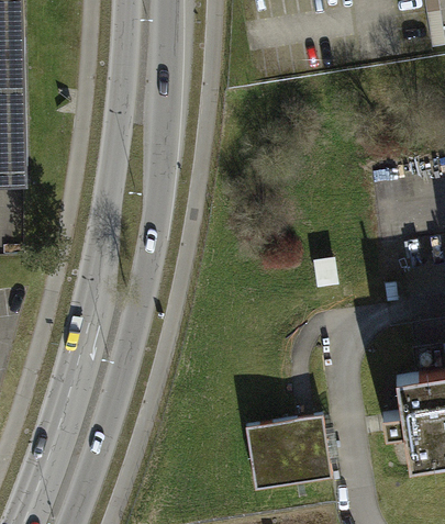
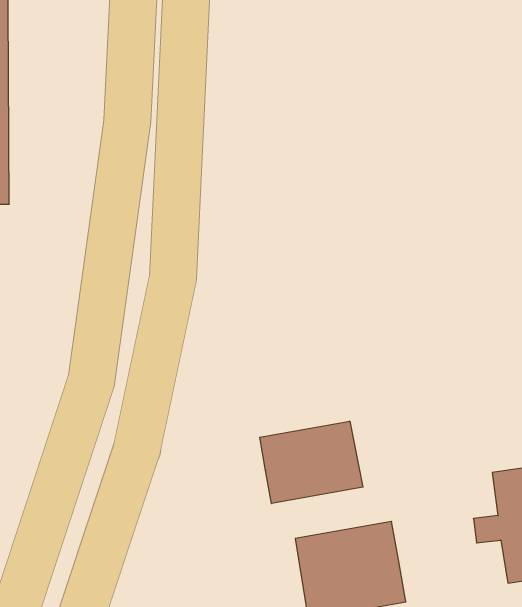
building: none -> [260,421,363,504]

